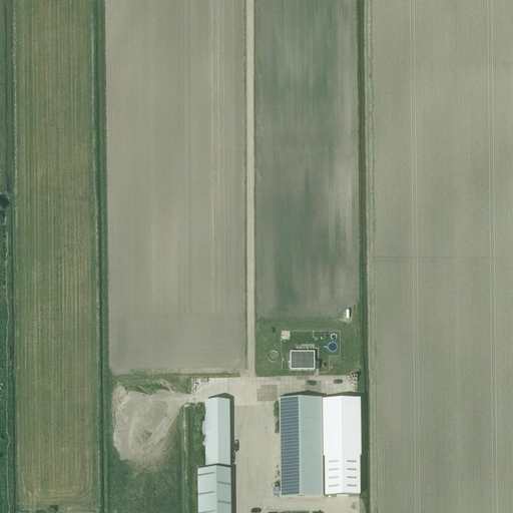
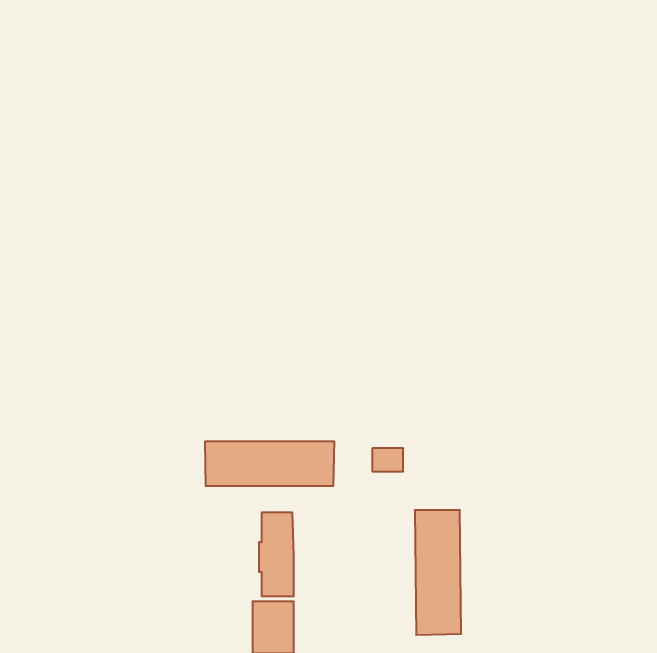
building: none -> [205,441,334,486]
building: [280,397,322,494] -> none

